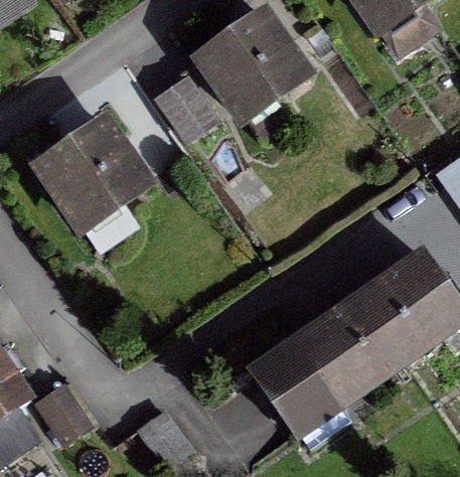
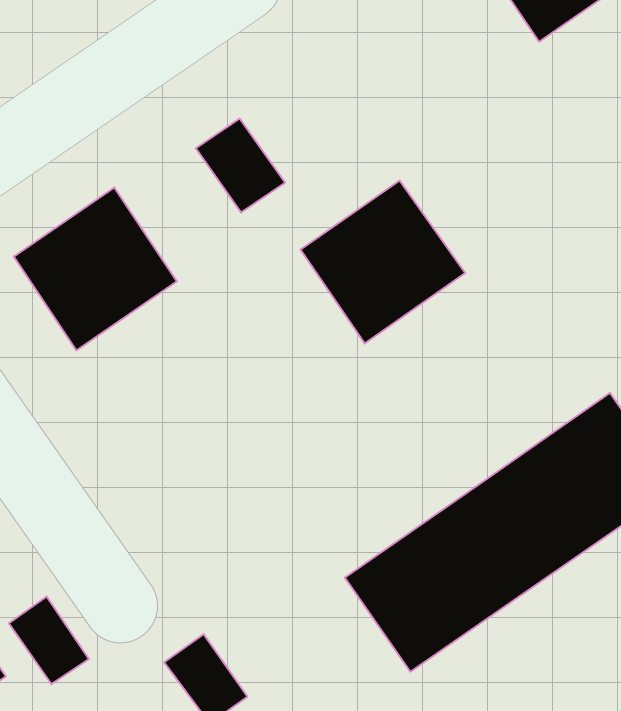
building: [199,17,305,122] -> [301,181,465,344]

